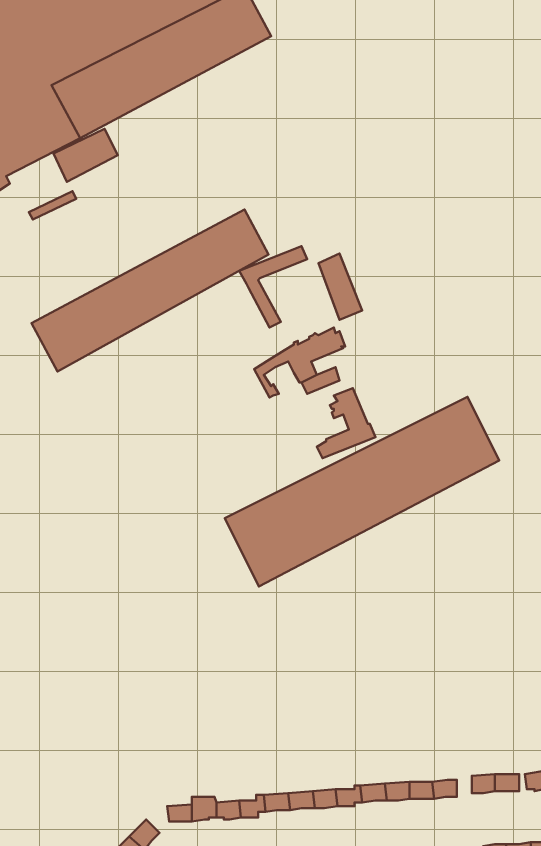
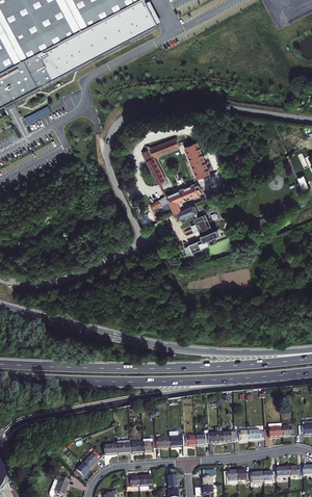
building: [32,209,268,372] -> none
building: [225,397,499,587] -> none

